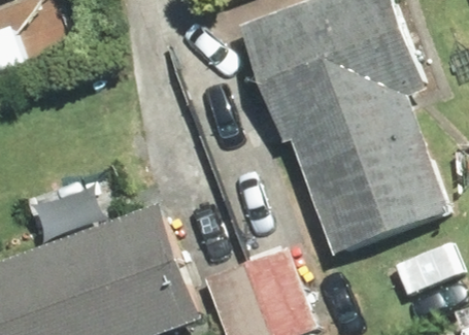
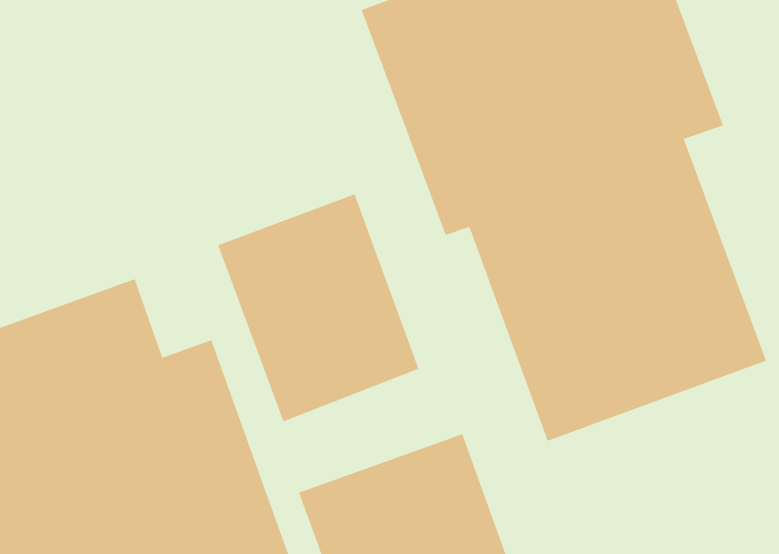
building: none -> [217,194,419,422]

